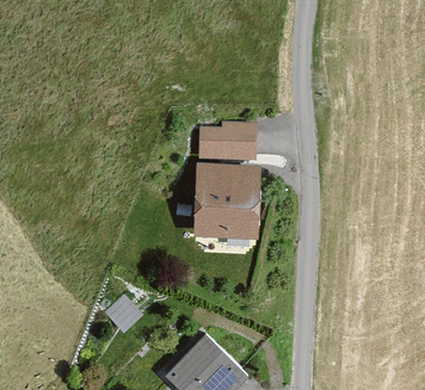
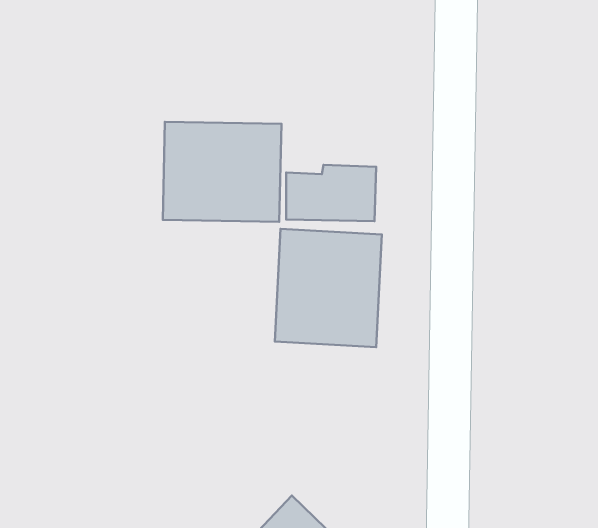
building: none -> [163,122,281,222]

